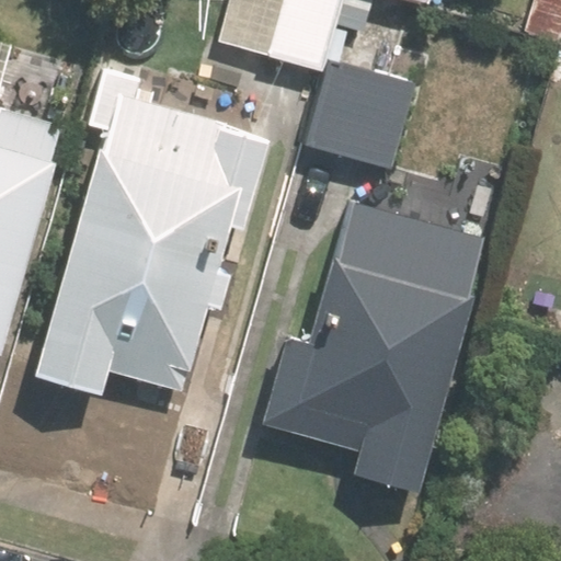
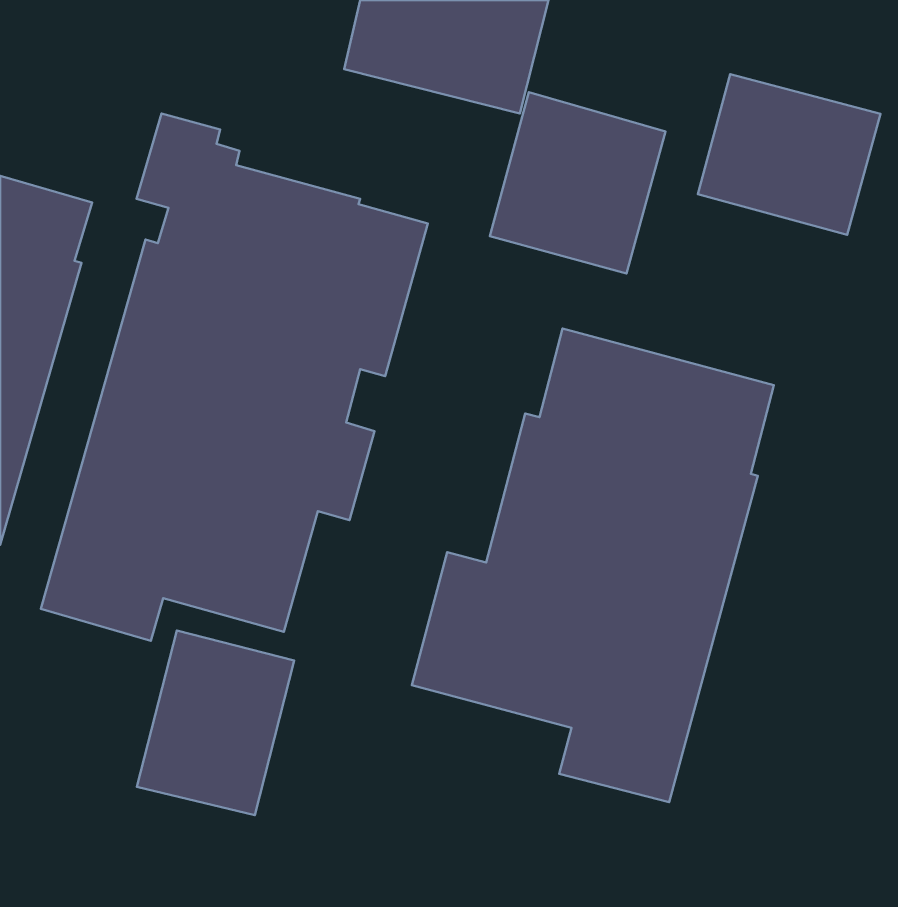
building: none -> [698,74,880,235]
building: none -> [137,630,294,815]

